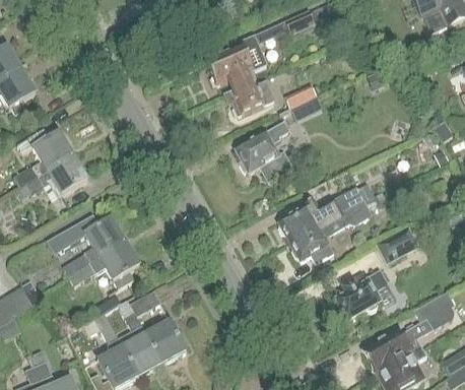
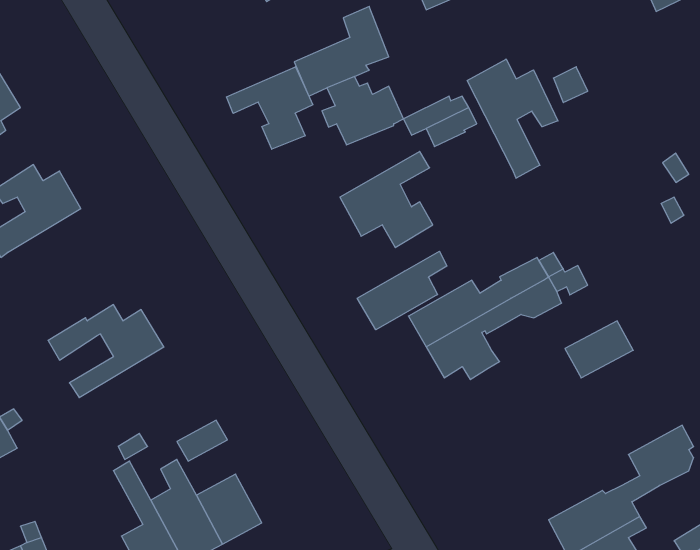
building: none -> [467,59,558,178]
building: none -> [226,67,313,149]
building: [27,155,88,195] -> none
building: none -> [357,251,447,330]
building: [72,242,139,287] -> none
building: [333,269,390,321] -> none

